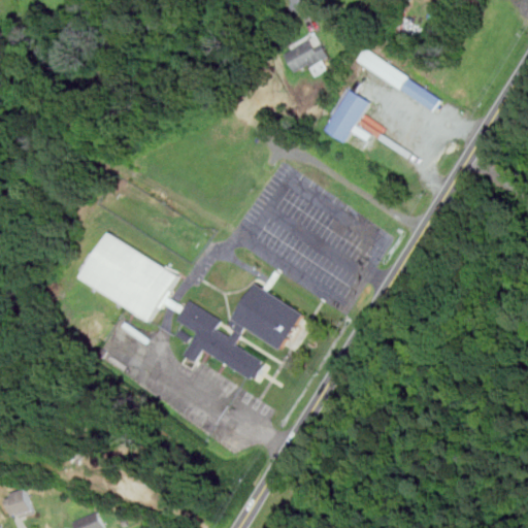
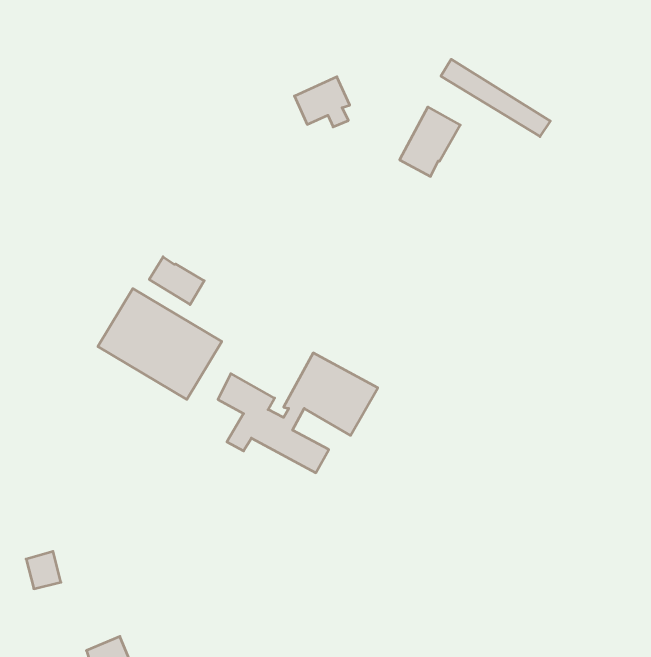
building: [282,35,326,75] -> [294,77,350,127]
building: none -> [149,257,204,305]
building: [4,489,32,519] -> [26,551,61,589]

